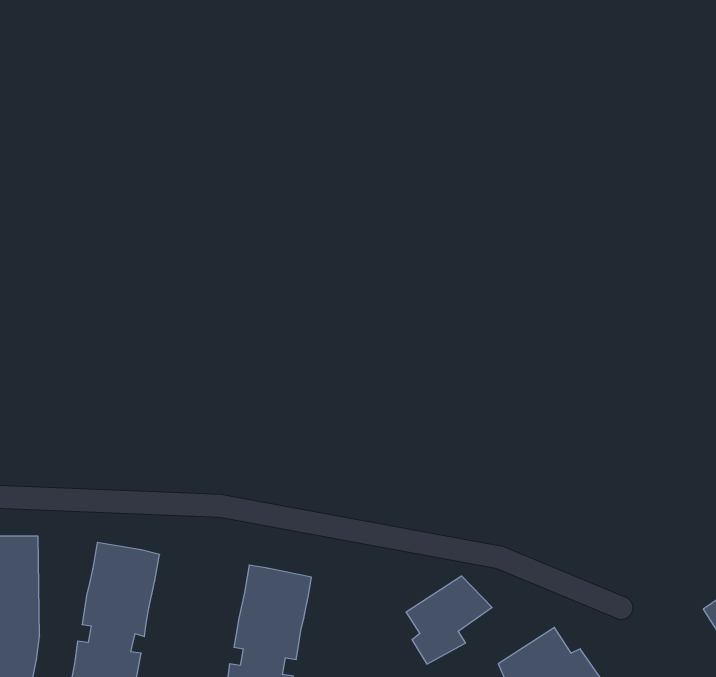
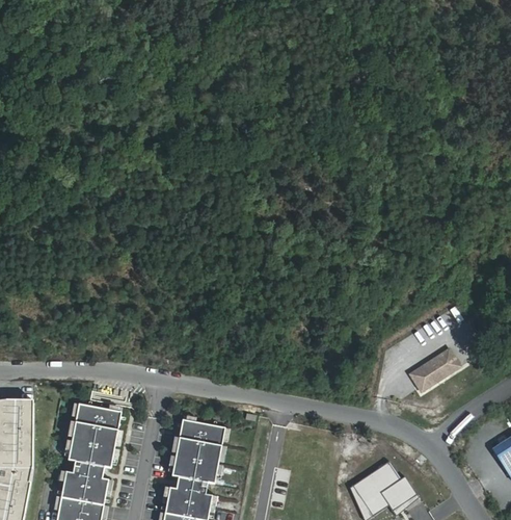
building: none -> [410,348,460,390]
building: [406,576,492,664] -> none

